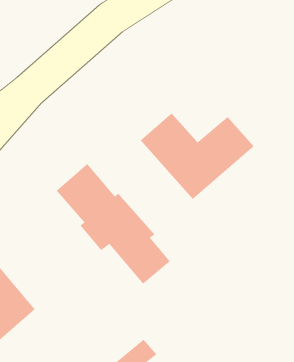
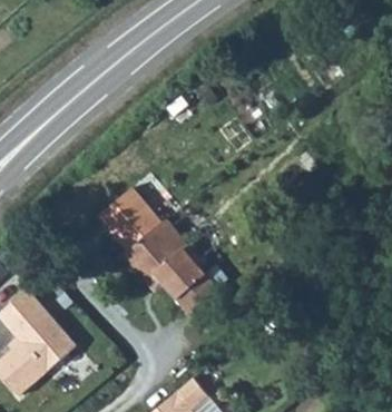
building: [140,112,254,200] -> none

